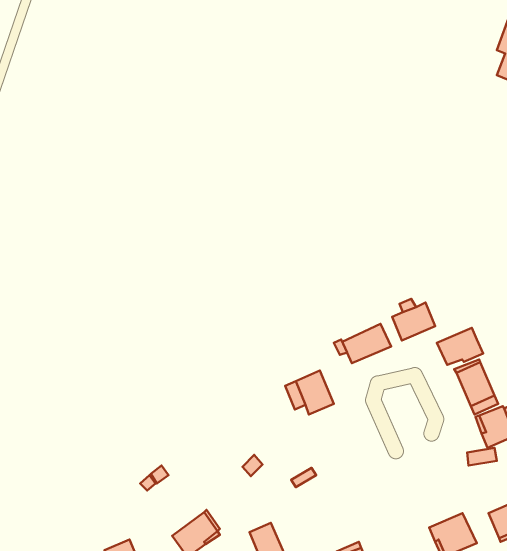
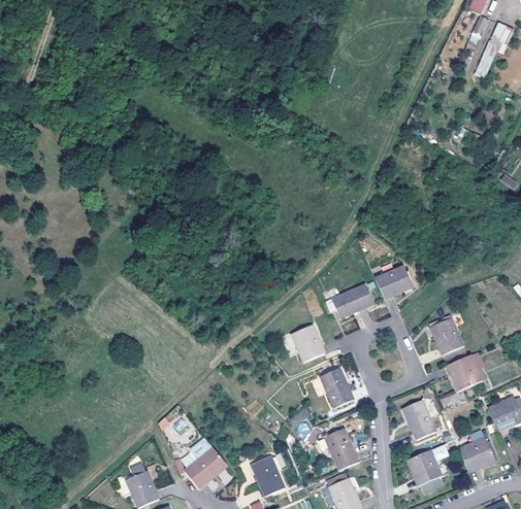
building: [437,328,483,365] -> none
building: none -> [320,368,353,408]
building: none -> [401,400,435,440]
building: none -> [324,429,358,470]

